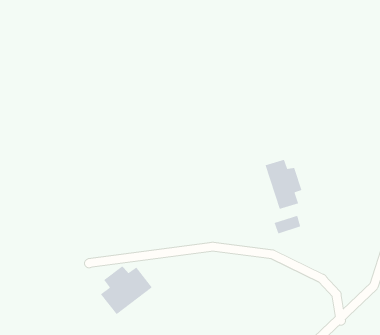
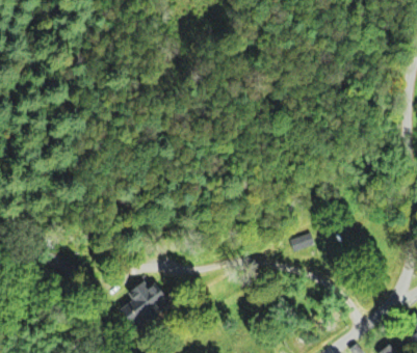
building: [265,159,302,210] -> none

